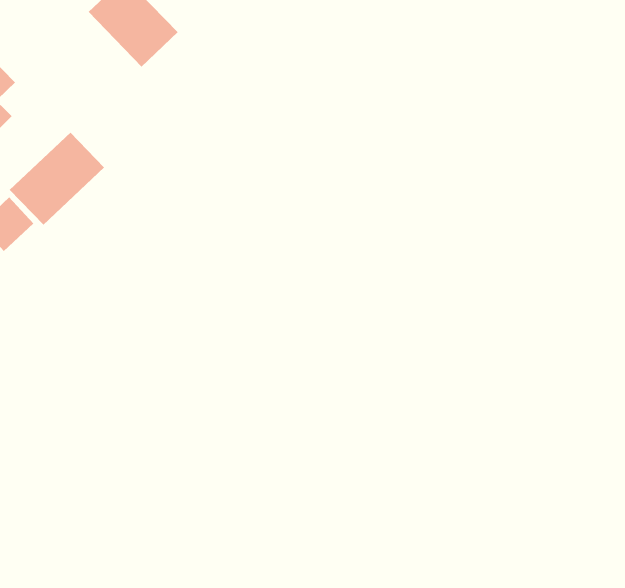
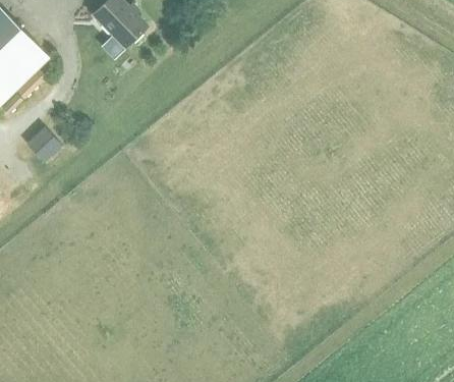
building: [9,132,105,226] -> none

